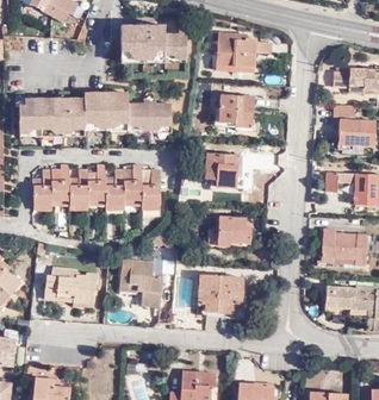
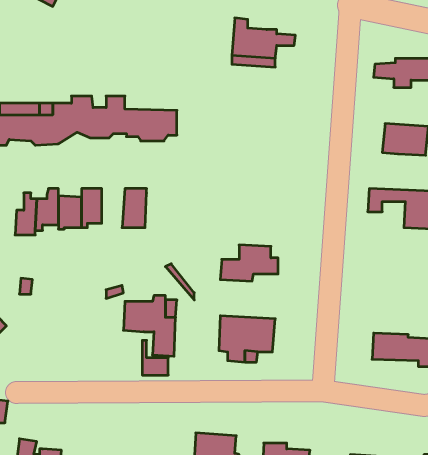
building: [118,27,182,62] -> none
building: [216,95,250,130] -> none
building: [201,154,238,187] -> none
building: [105,170,124,212] -> none
building: [139,174,159,208] -> none
building: [321,225,368,264] -> none
building: [45,269,99,305] -> none

